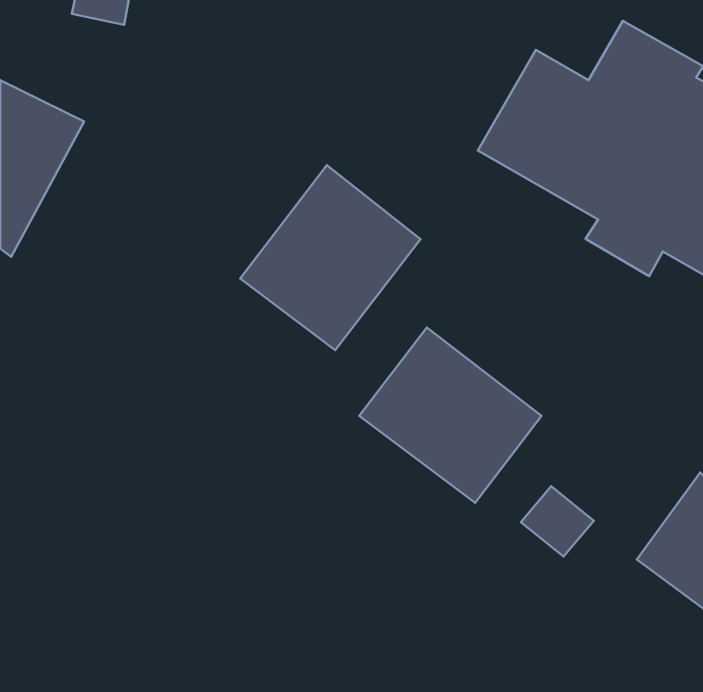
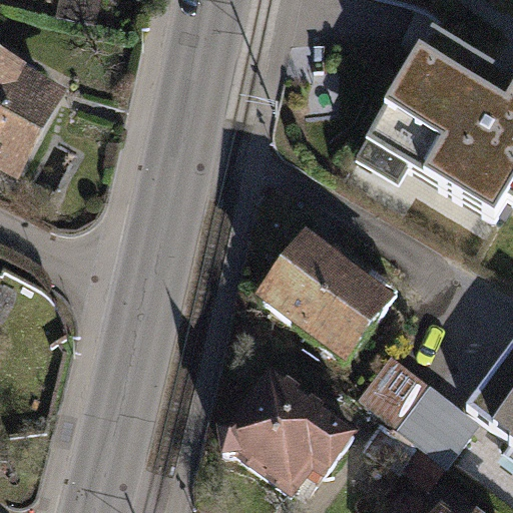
building: [240,165,420,350] -> none
building: none -> [215,369,359,493]

